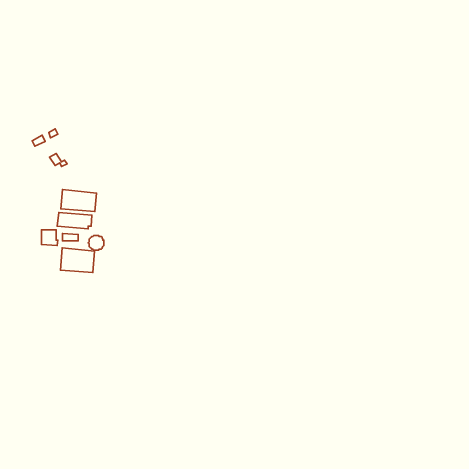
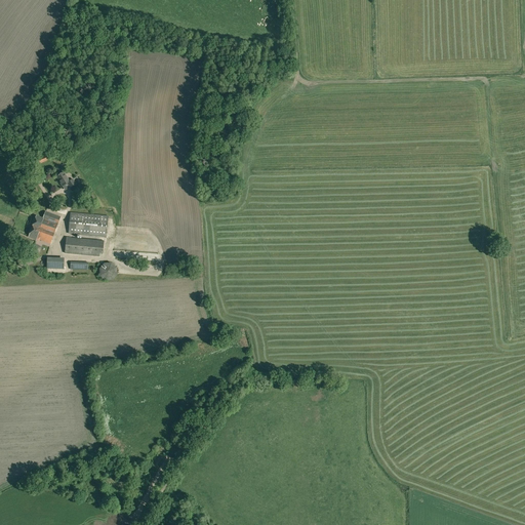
building: none -> [28,210,59,243]
building: [60,248,95,272] -> none

